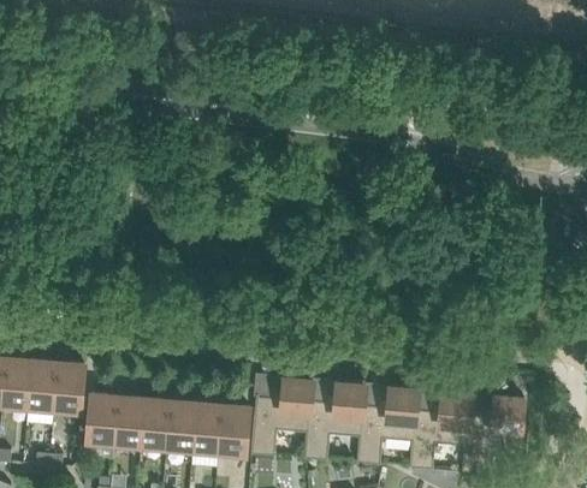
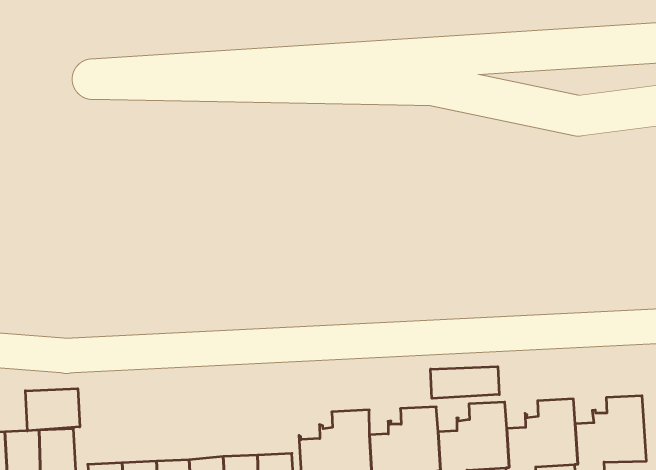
building: none -> [25,389,80,431]
building: none -> [431,367,499,398]

